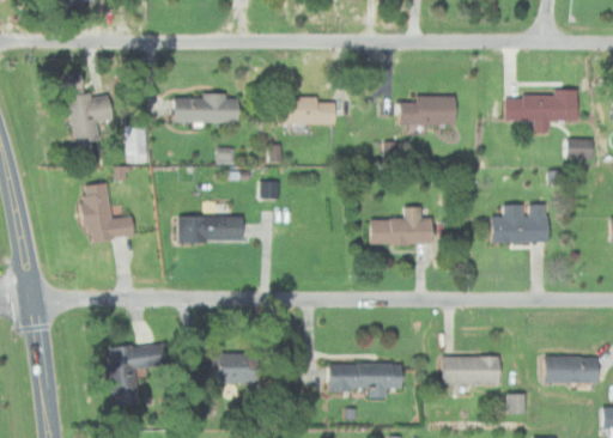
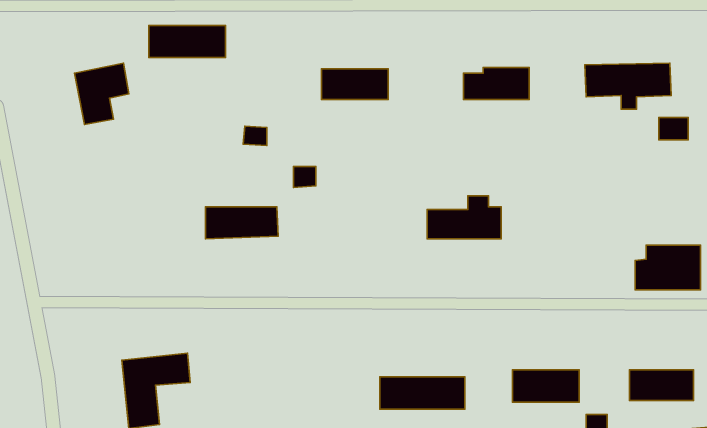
building: [175,96,241,123] -> [149,25,226,58]
building: [126,127,145,163] -> none
building: [83,183,134,241] -> none
building: [493,203,550,242] -> [635,245,701,290]
building: [211,355,261,384] -> none

